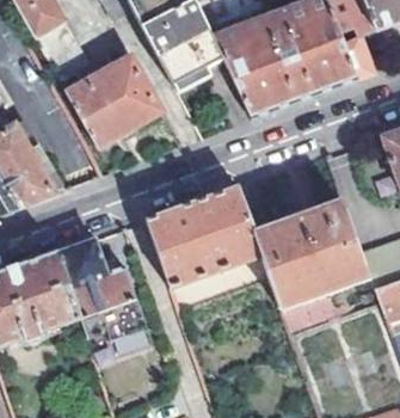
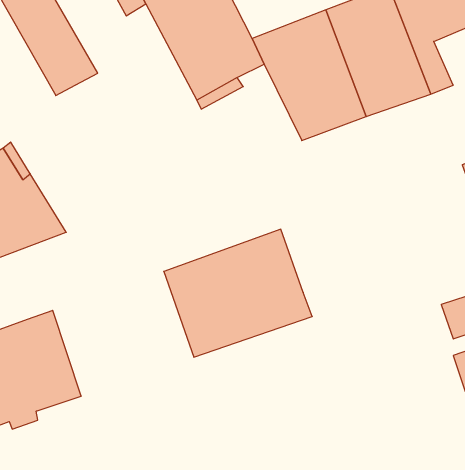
building: [66,53,162,146] -> none
building: [256,207,369,307] -> none
building: [56,236,147,339] -> none

